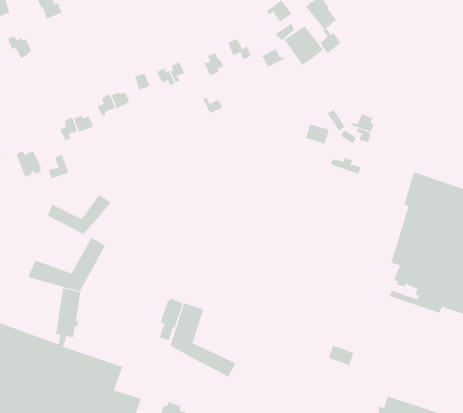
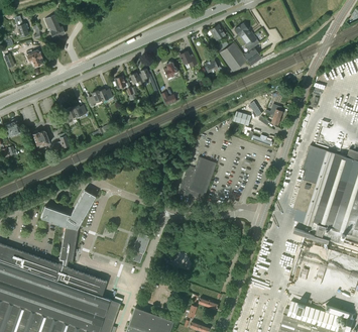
building: none -> [177,156,217,202]
building: [47,194,112,235] -> none
building: [169,303,236,377] -> none

